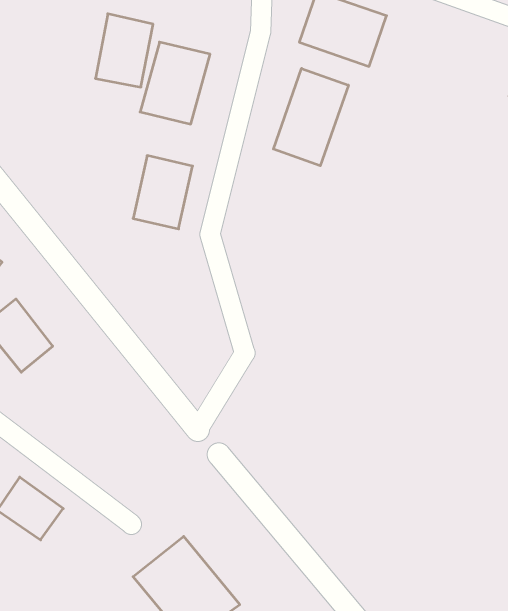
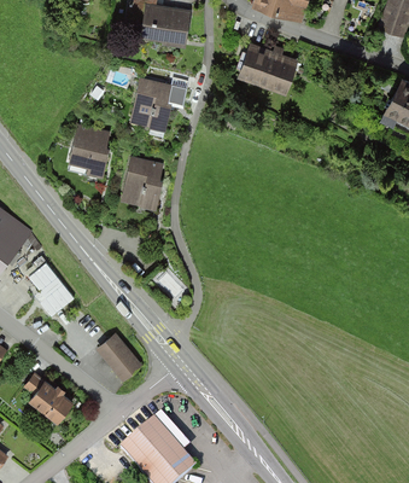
building: [95,14,153,87] -> [69,124,109,175]
building: [273,68,348,166] -> none
building: none -> [97,332,141,380]

